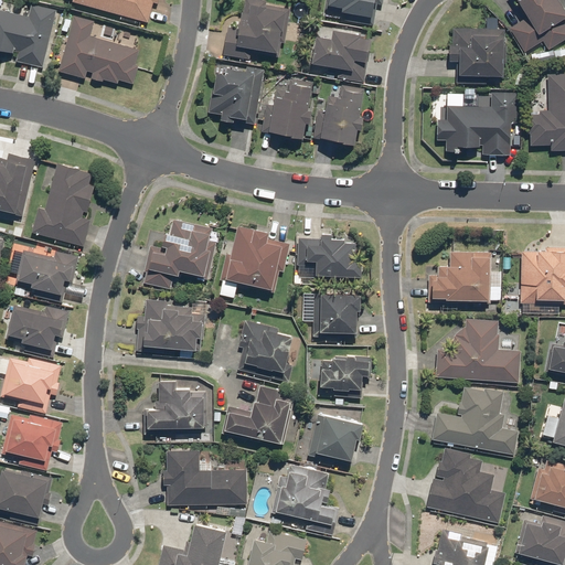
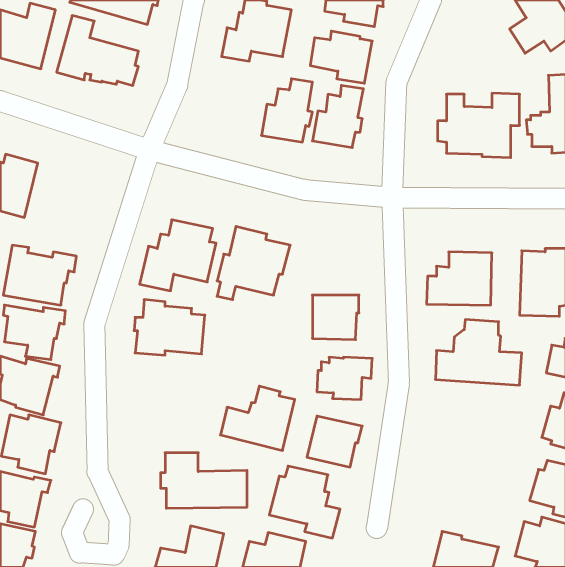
building: [448,29,505,85] -> none
building: [206,67,265,125] -> none
building: [31,164,96,246] -> none
building: [294,234,360,284] -> none
building: [236,319,292,382] -> none
building: [142,381,207,435] -> none
building: [430,386,519,455] -> none
building: [425,447,505,523] -> none

